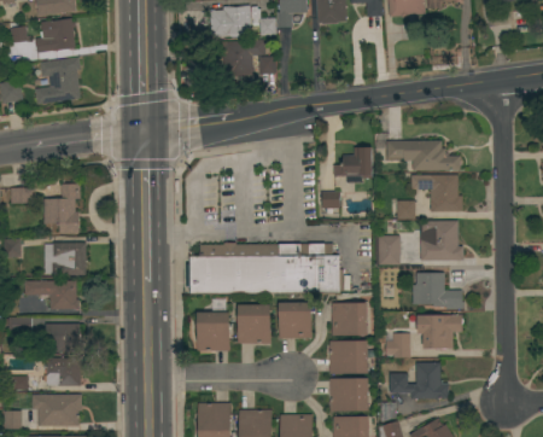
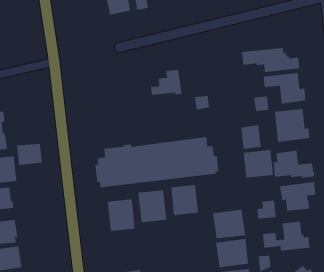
building: [332,147,372,179] -> [150,70,182,95]
building: none -> [17,143,42,166]
building: [331,303,367,336] -> [243,150,274,178]

